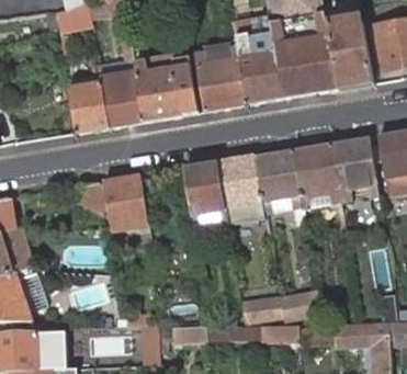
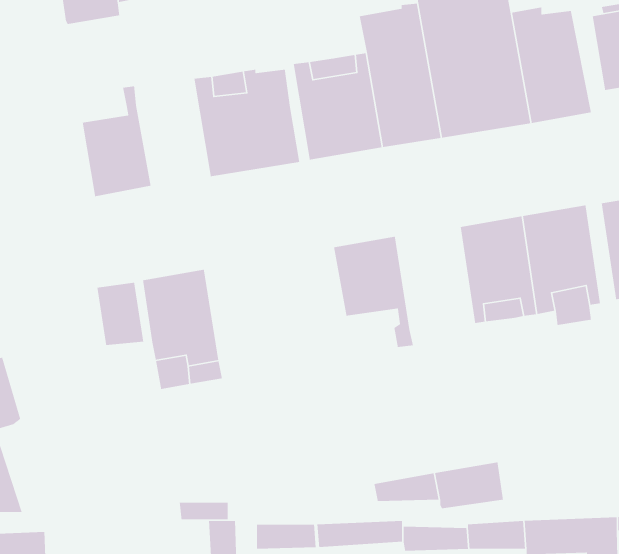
building: [101,38,145,125] -> none
building: [256,149,306,224] -> none
building: [184,161,228,224] -> none

